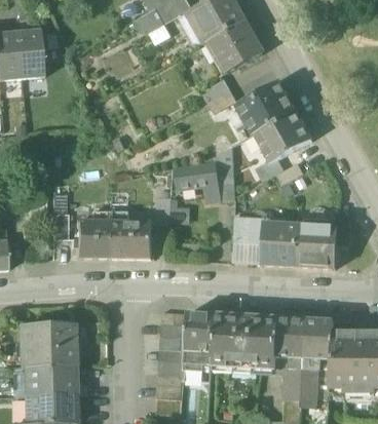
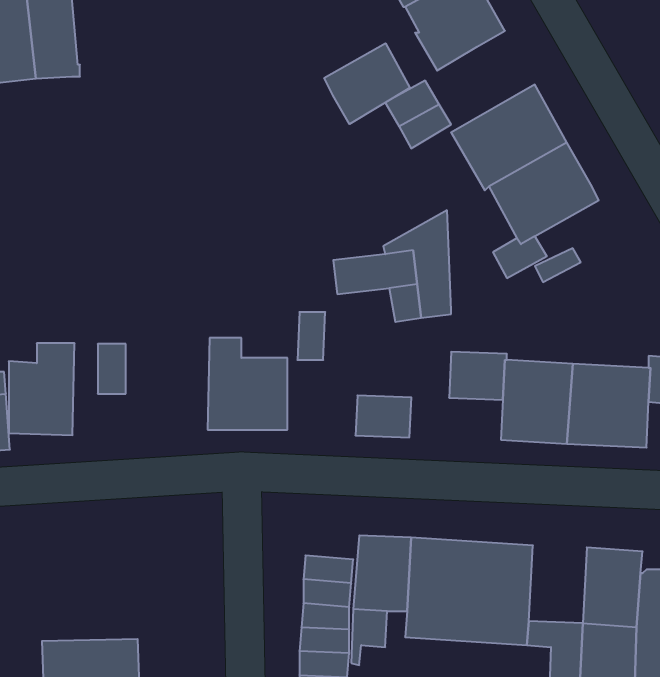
building: none -> [324,43,410,124]
building: [77,210,111,258] -> [9,343,75,435]
building: [233,241,262,263] -> [355,395,411,437]
building: [275,317,305,357] -> none
building: [21,324,74,367] -> none

